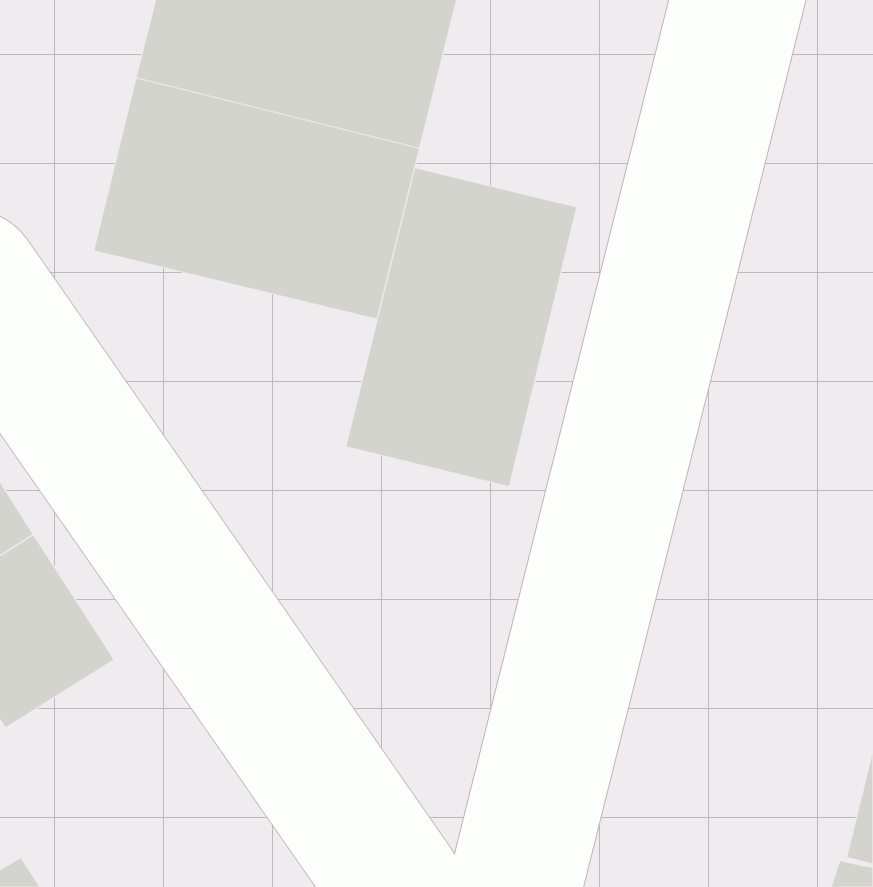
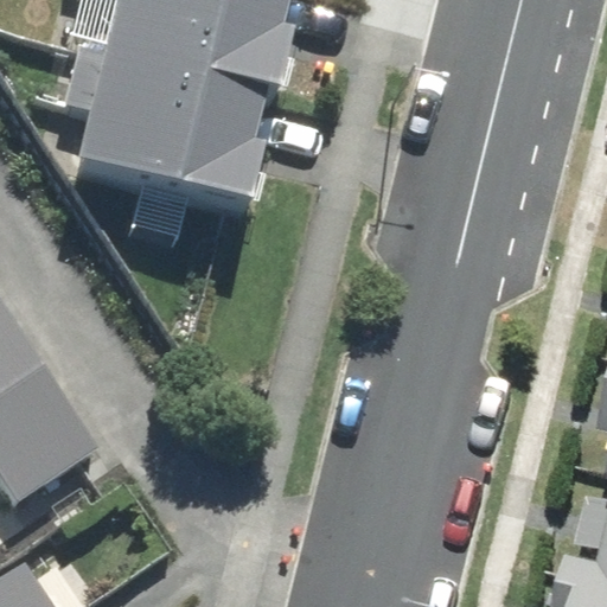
building: [346,168,577,487] -> none

